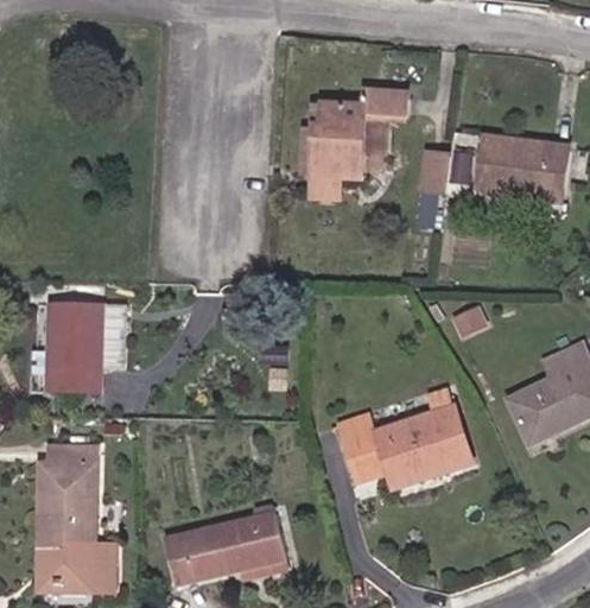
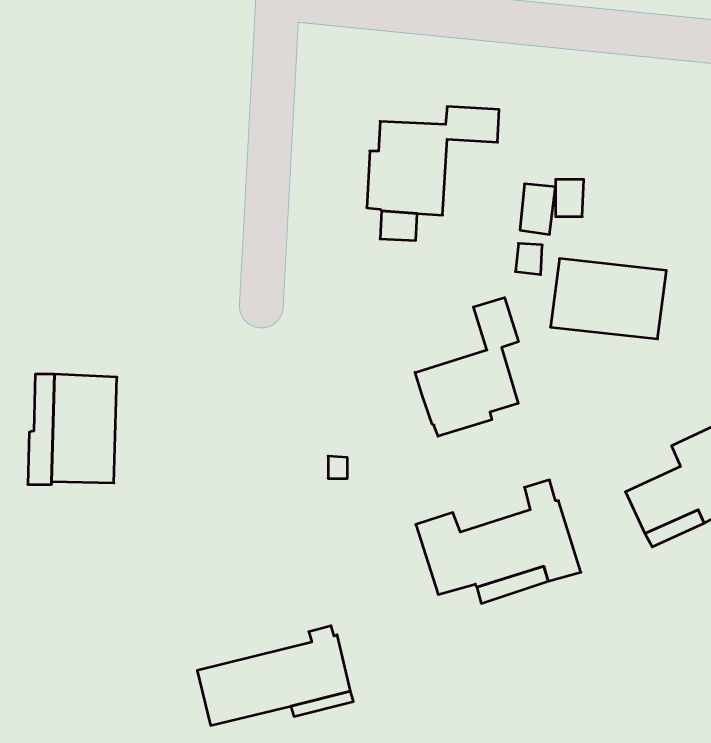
building: [476,135,569,200] -> [550,259,666,339]
building: none -> [415,298,518,436]
building: [42,445,115,590] -> none

